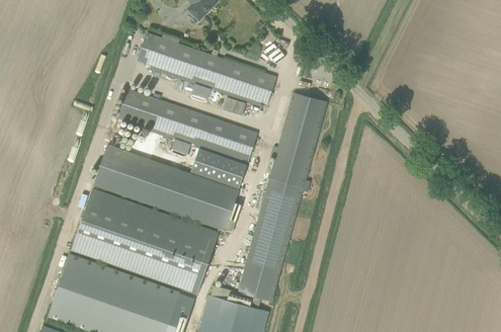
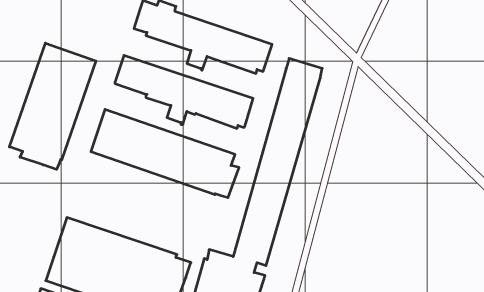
building: none -> [9,43,96,169]
building: [191,148,247,188] -> none
building: [71,188,219,295] -> none

